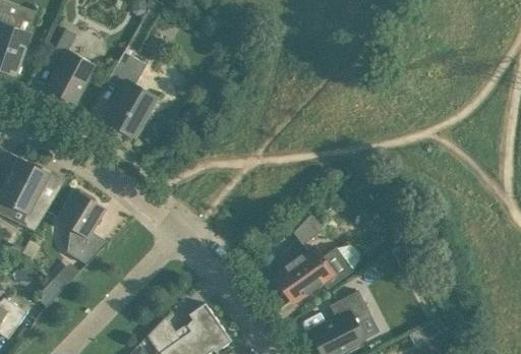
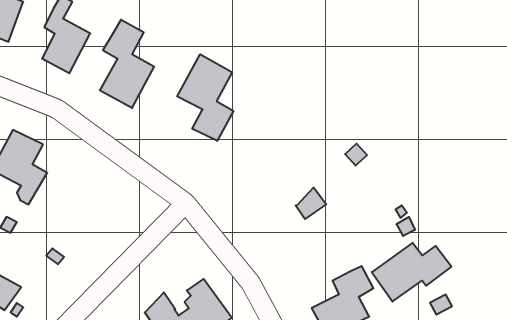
building: none -> [177,54,233,141]
building: [58,190,108,264] -> none
building: [274,246,351,303] -> [372,243,451,302]

